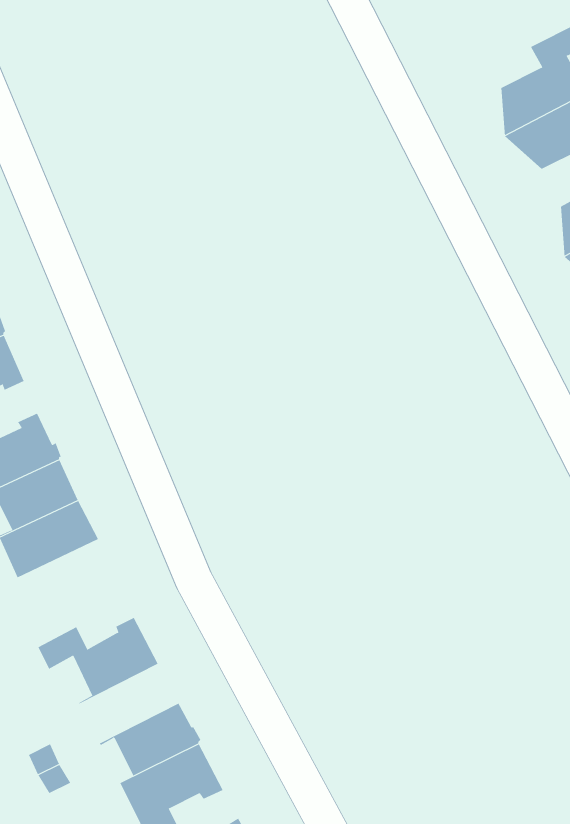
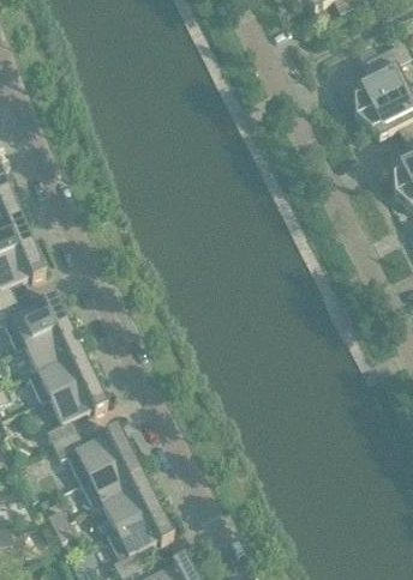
building: none -> [38,375,106,445]
building: none -> [78,455,143,507]

